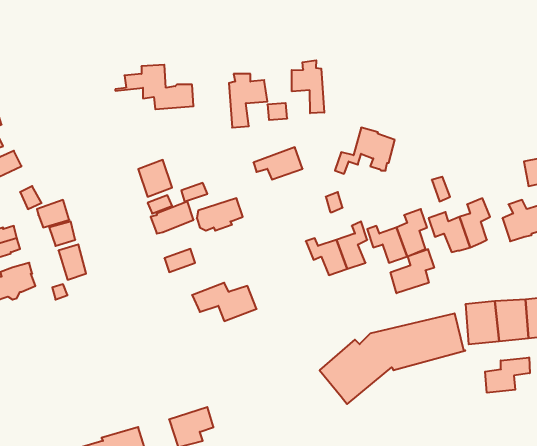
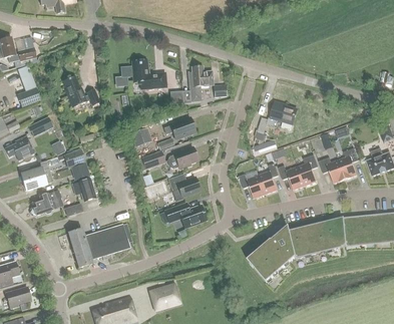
building: [292,60,324,113] -> none
building: none -> [63,76,100,105]
building: [253,147,303,180] -> [163,117,195,138]
building: none -> [168,174,200,197]
building: [391,249,434,293] -> none
building: none -> [68,223,130,267]
building: [485,357,530,393] -> none

